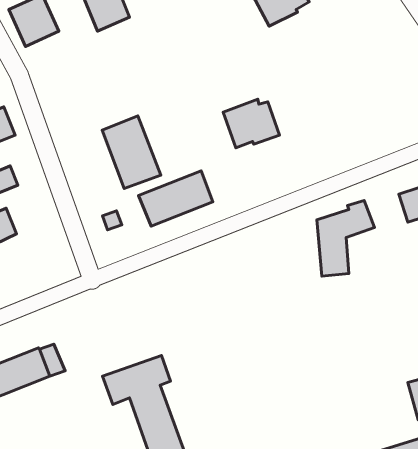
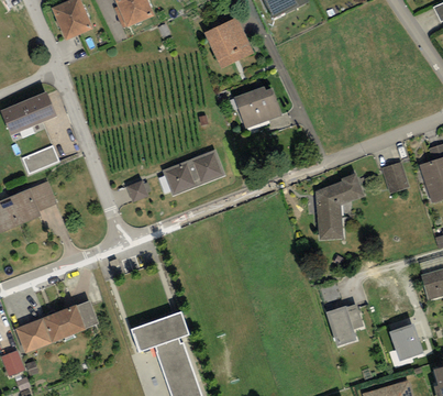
building: none -> [203,18,254,69]
building: [102,116,161,188] -> none
building: none -> [325,304,364,349]

